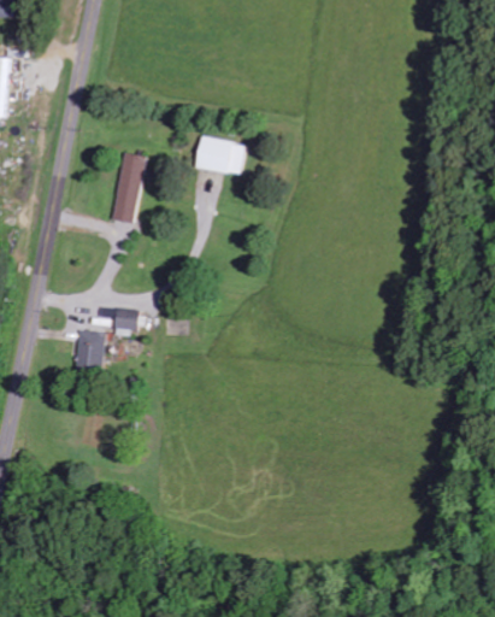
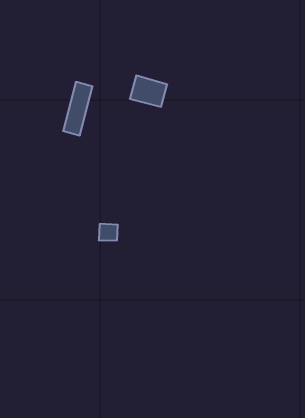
building: [116,310,141,333] -> [99,224,118,240]
building: [77,329,106,370] -> none

